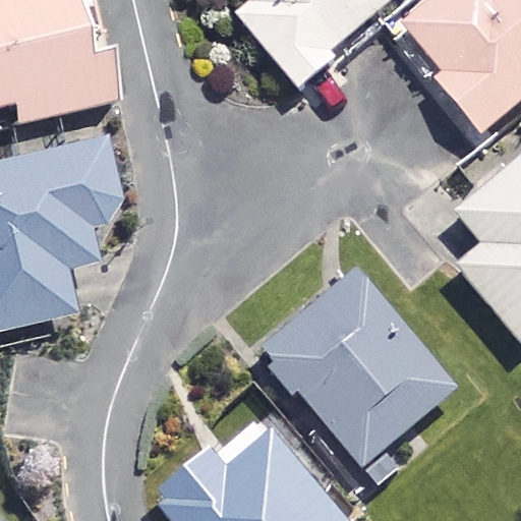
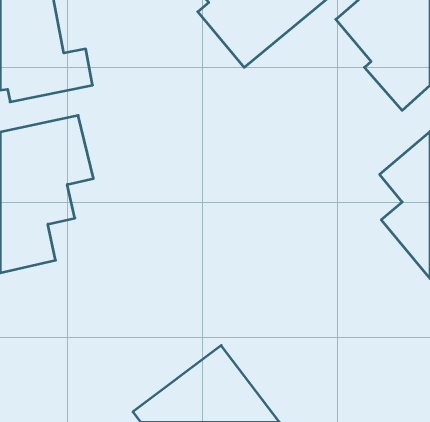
building: [268,273,459,468] -> none

